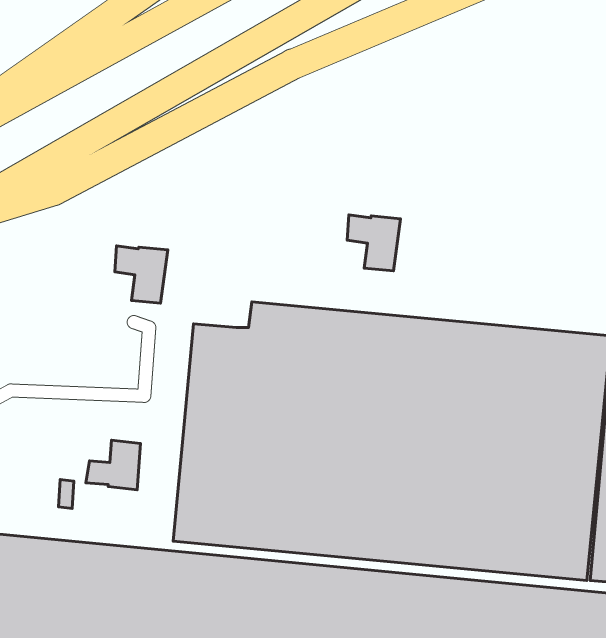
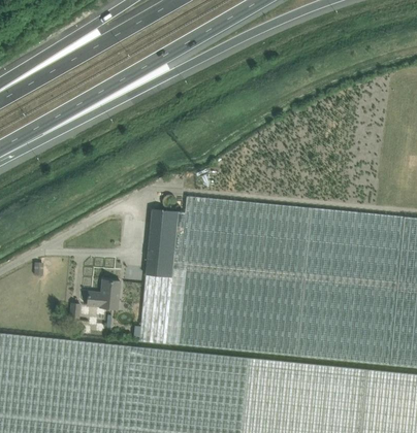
building: [347,215,400,271] -> none
building: [115,246,168,303] -> none

